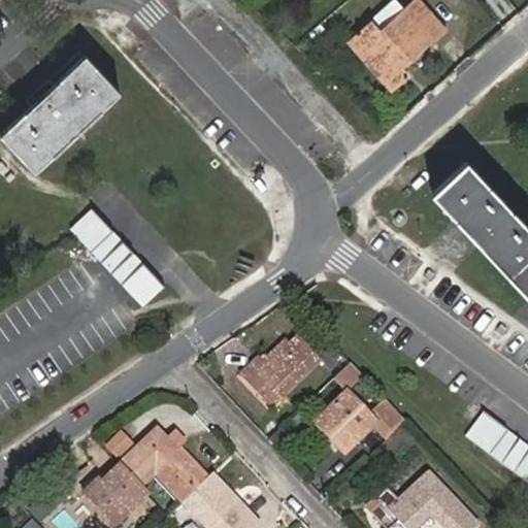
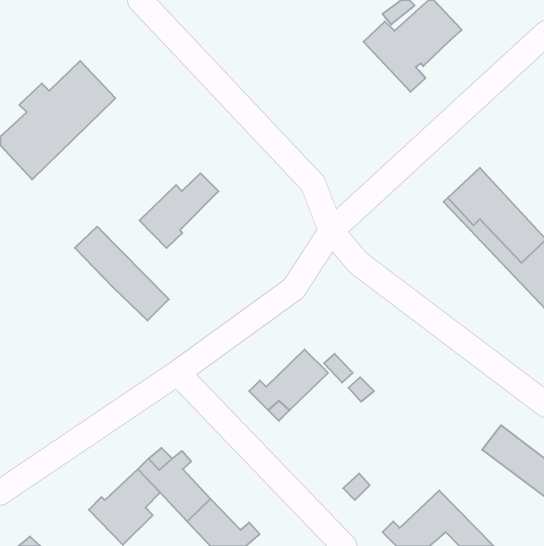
building: none -> [139,173,219,248]
building: [318,391,406,452] -> none

